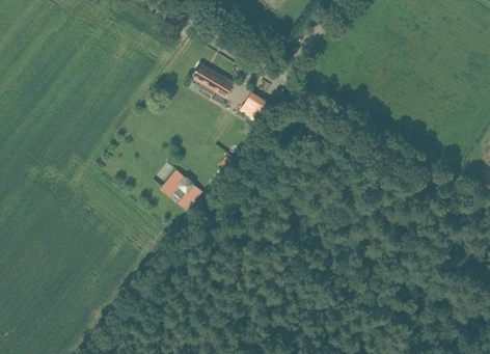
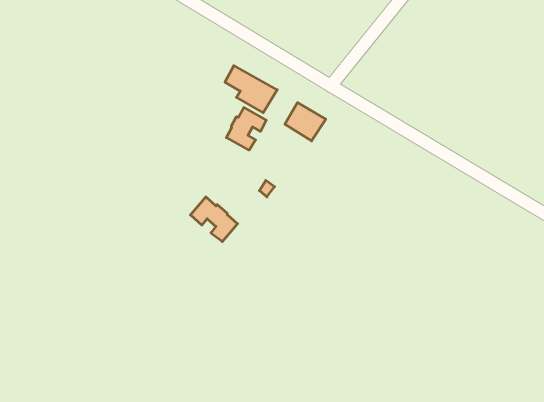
building: none -> [226,108,266,150]

